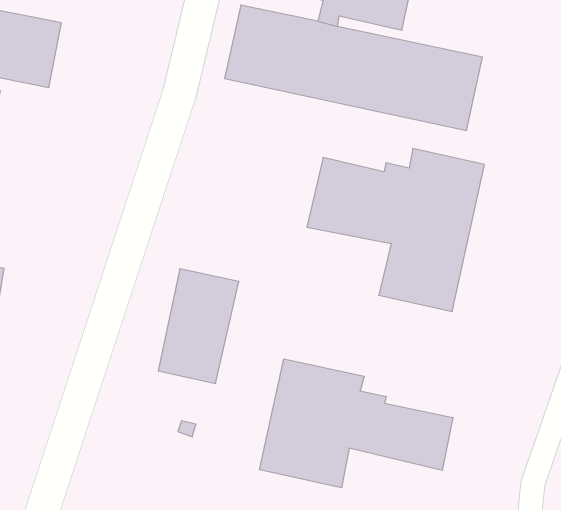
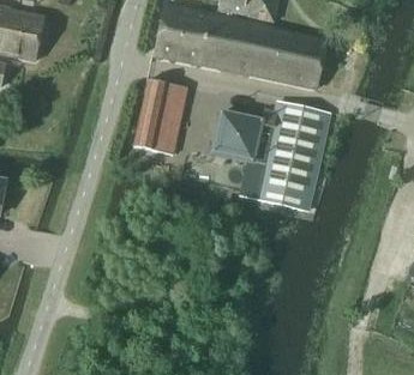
building: [158,269,239,383] -> [132,78,186,155]
building: [260,359,453,488] -> none

